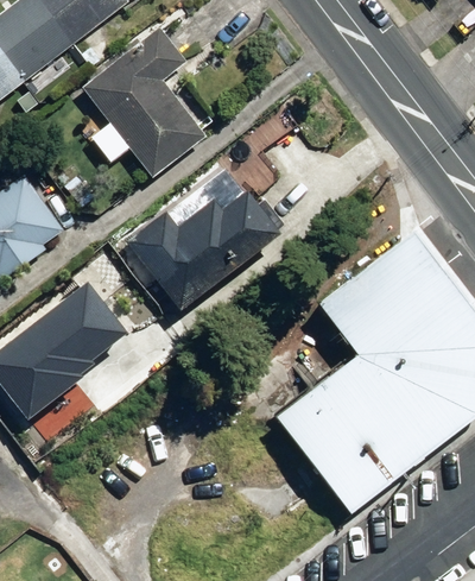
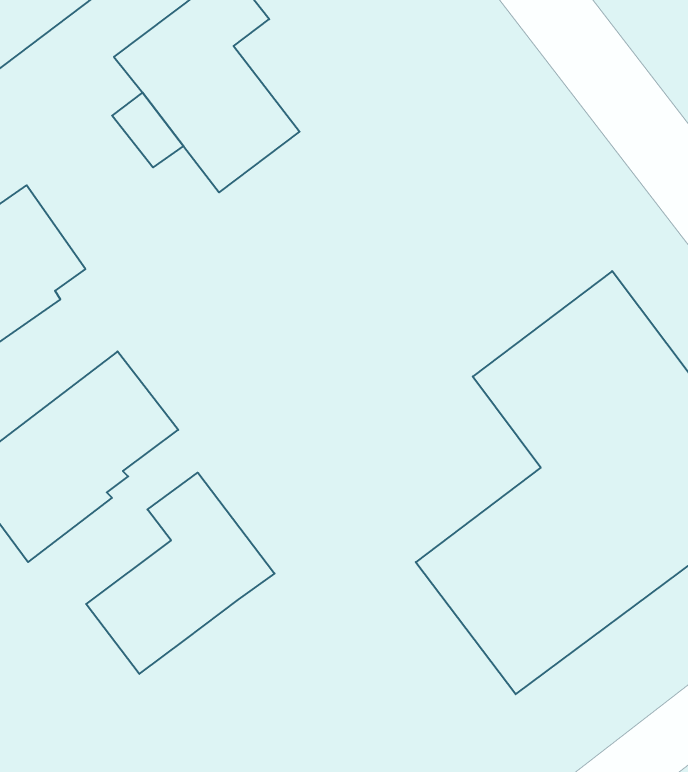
building: [126,191,279,310] -> none
building: none -> [86,473,275,674]

